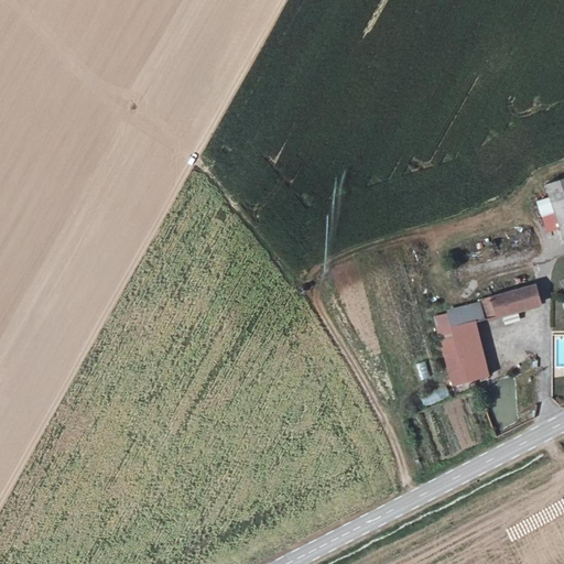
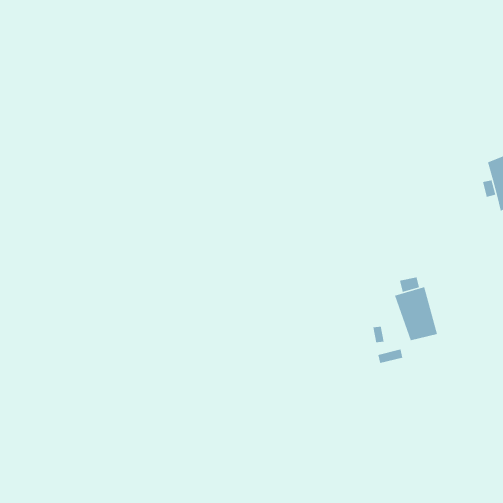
building: [470,290,533,322] -> none

